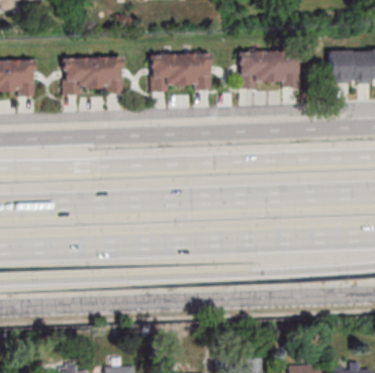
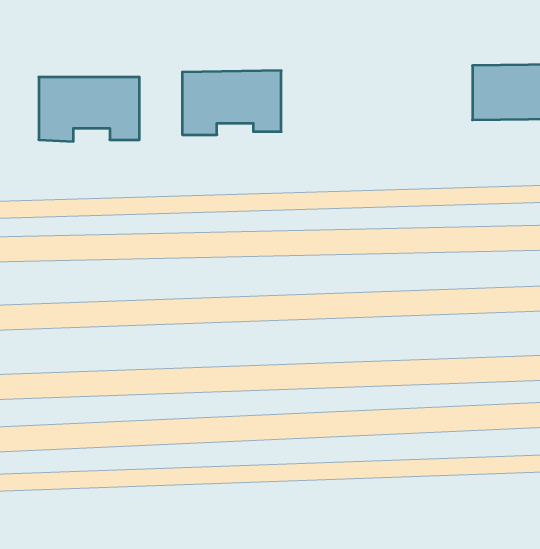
building: [239,50,298,86] -> none

